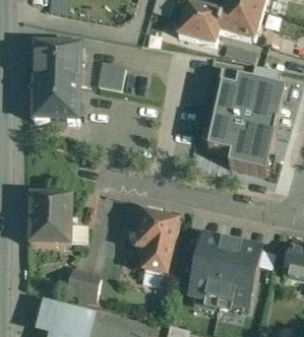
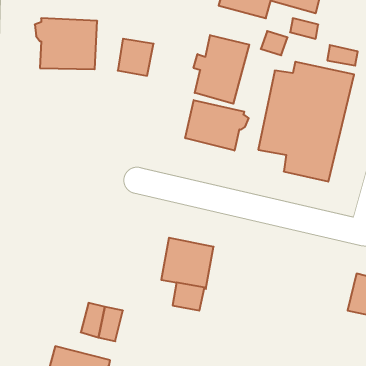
building: none -> [194,35,249,104]
building: [29,81,78,117] -> none
building: none -> [185,100,249,151]
building: [29,195,84,243] -> none
building: [189,237,260,307] -> none

